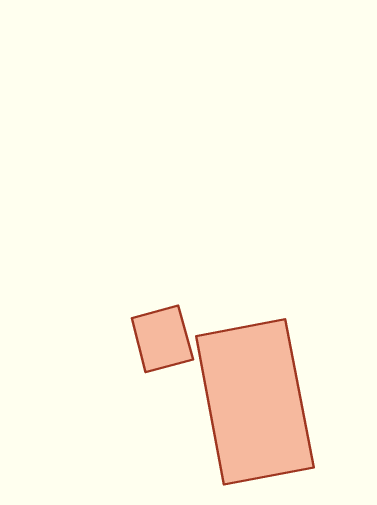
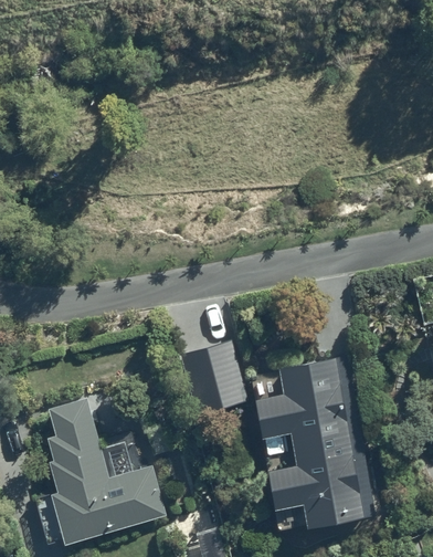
building: none -> [53,401,166,543]

